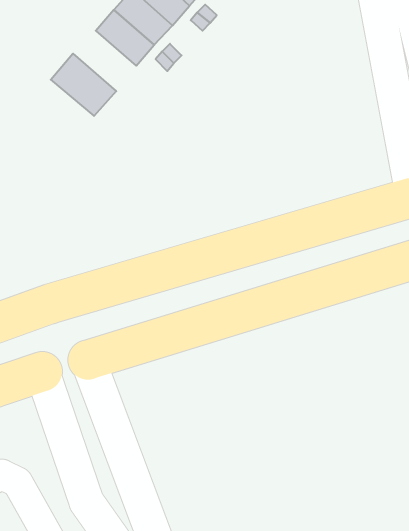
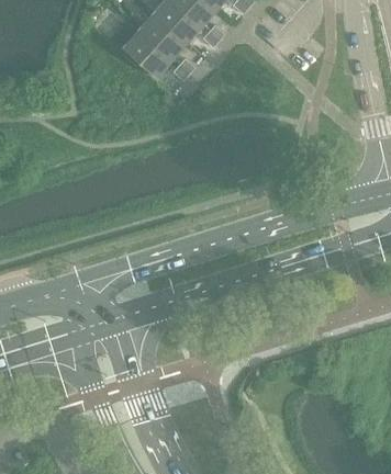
building: [51,54,116,116] -> none

